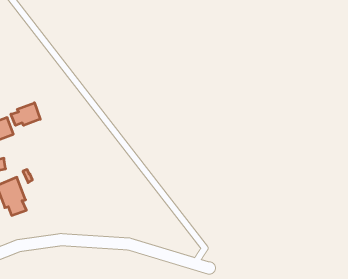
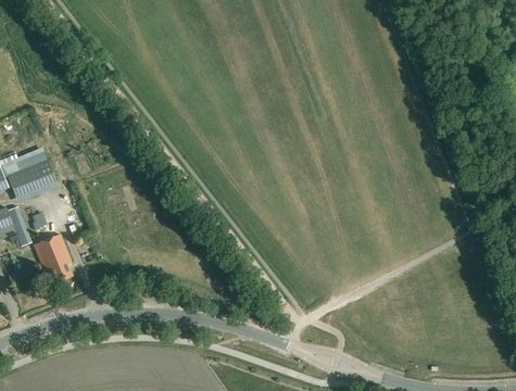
building: [11,103,40,125] -> none

